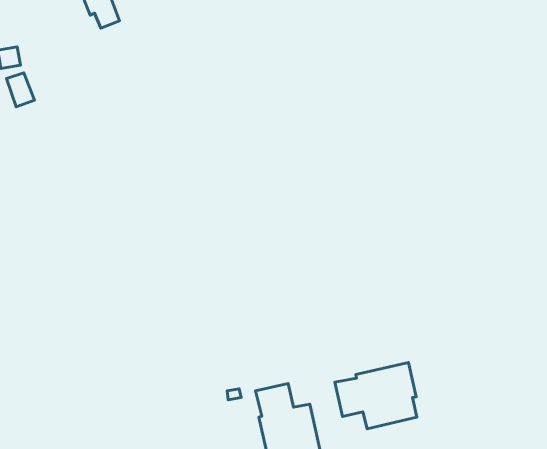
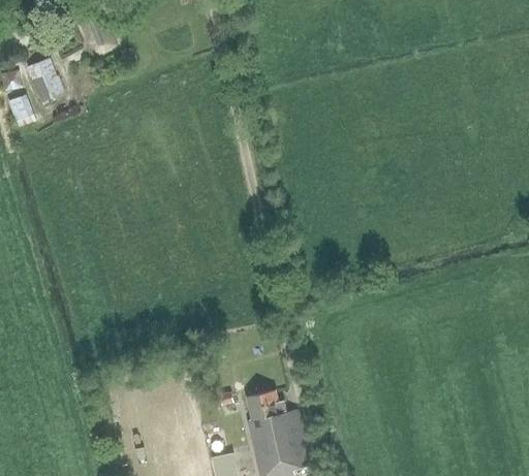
building: none -> [28,58,63,103]
building: [335,362,417,429] -> none

